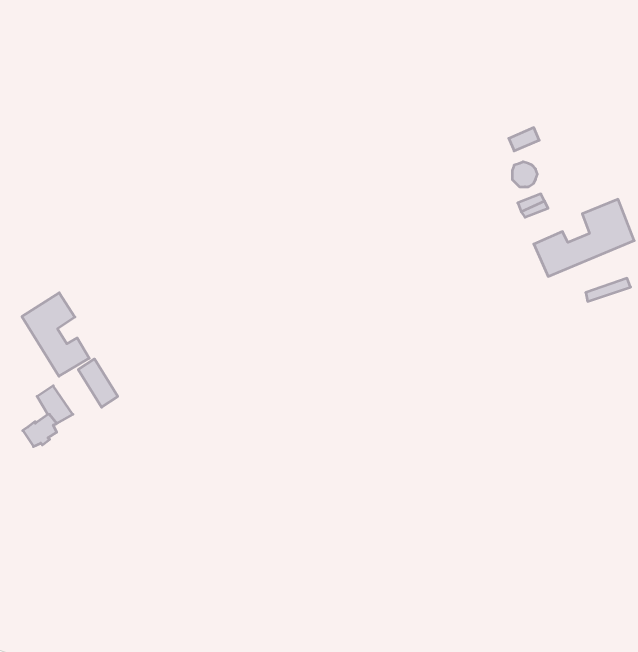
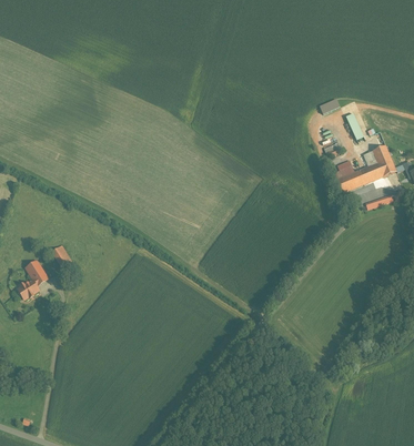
building: [22,293,89,376] -> none

